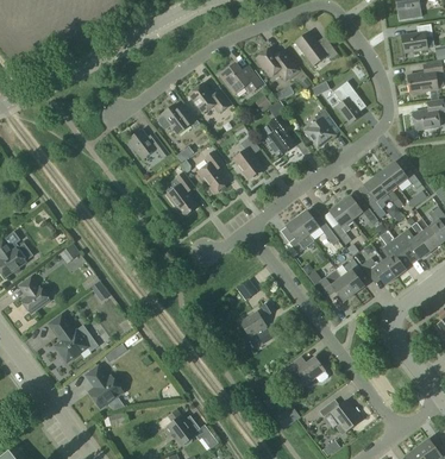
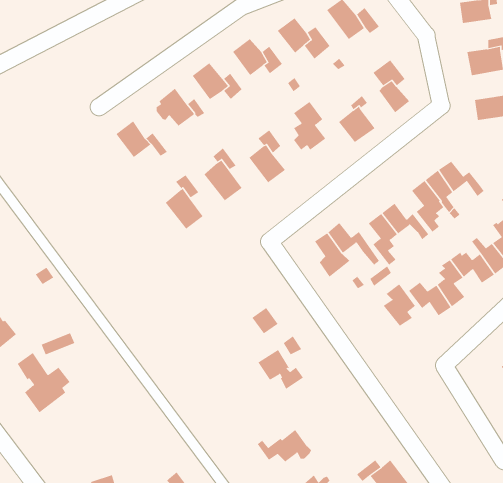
building: [319,271,353,302] -> none
building: [283,358,327,384] -> [257,429,312,462]
building: [84,365,121,408] -> none

